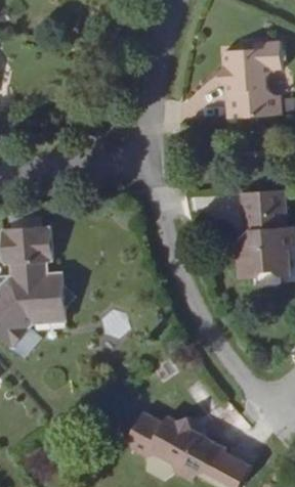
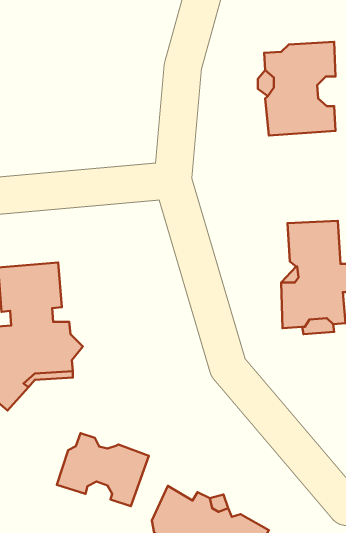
building: none -> [57,433,149,506]

